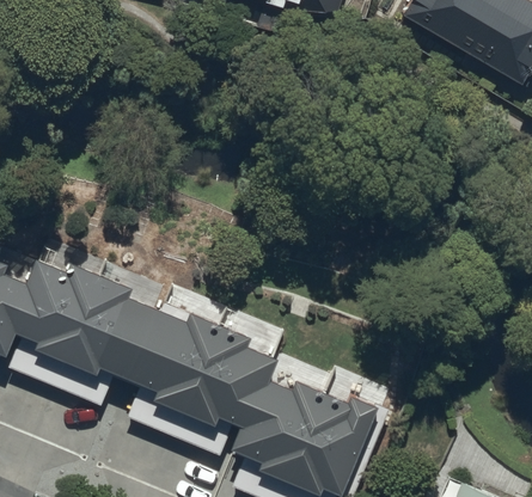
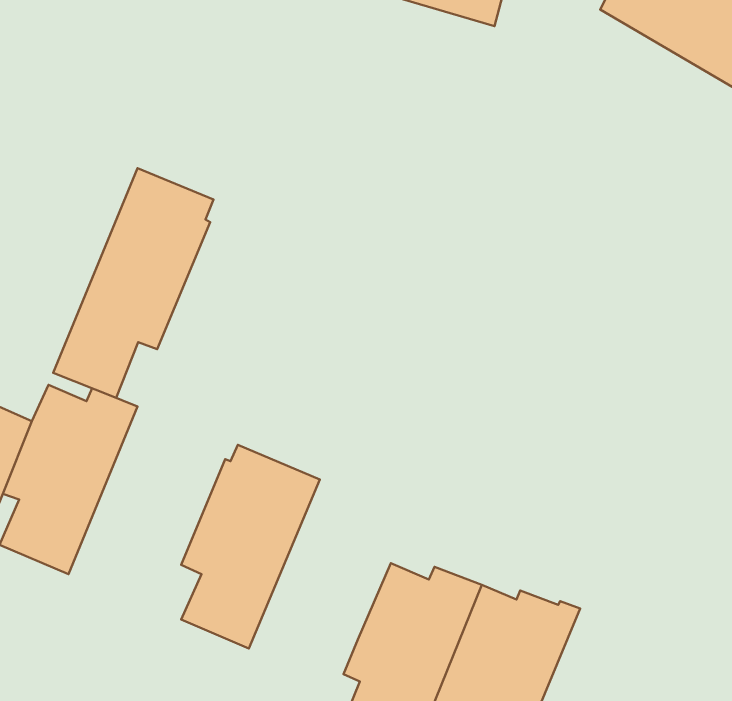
building: none -> [53,168,214,398]
building: [54,275,157,404] -> none
building: [172,323,274,453] -> none

